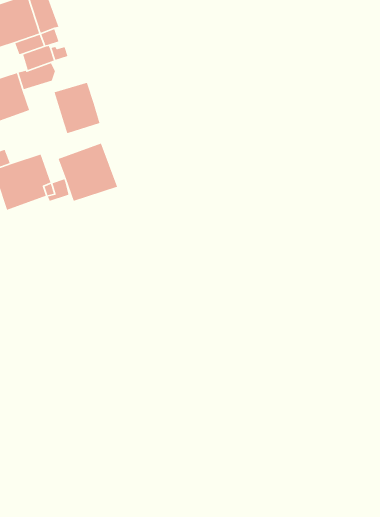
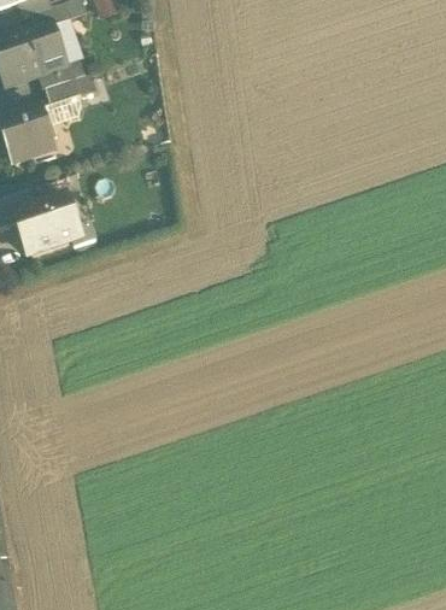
building: [54,82,100,134] -> none
building: [58,143,118,202] -> none

